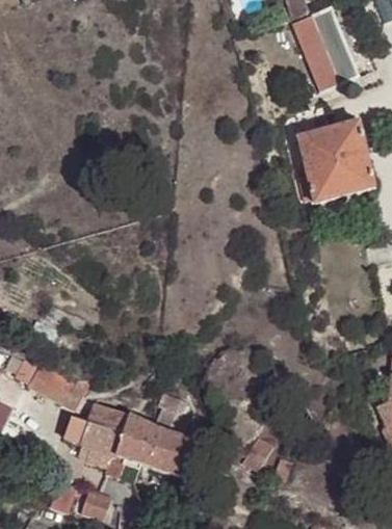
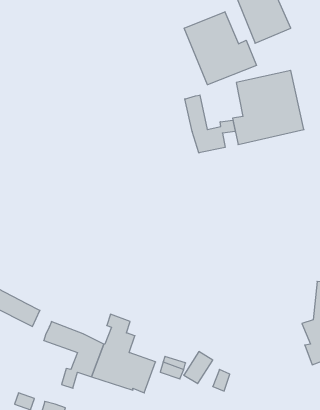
building: none -> [184,12,256,85]
building: none -> [185,95,235,153]
building: [67,414,123,454] -> none

